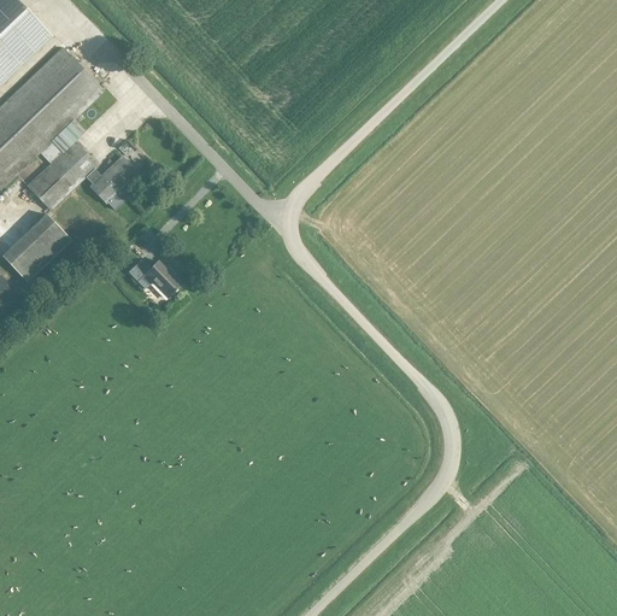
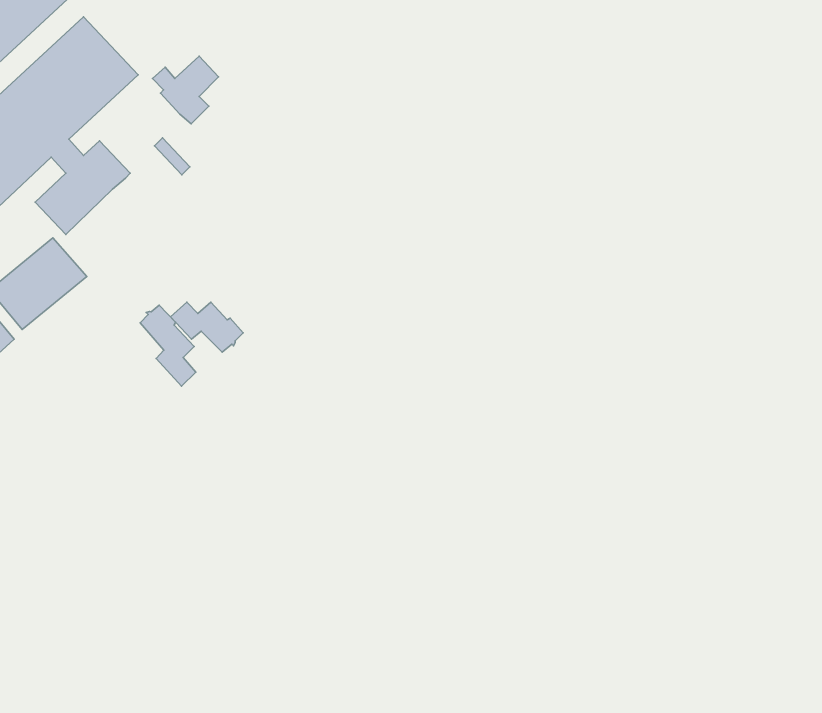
building: [84,158,134,209] -> [152,56,218,124]
building: none -> [140,305,196,386]

